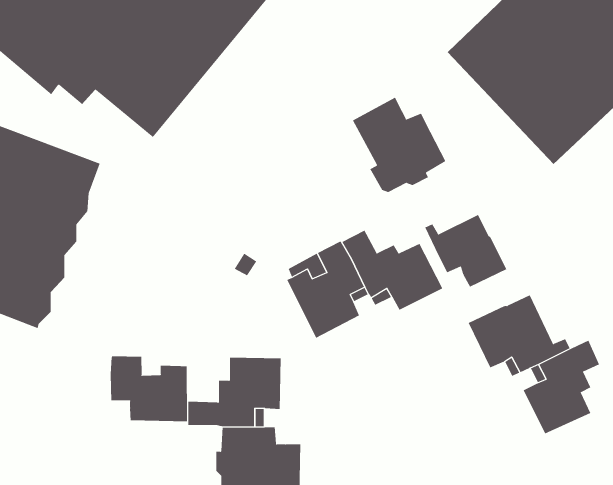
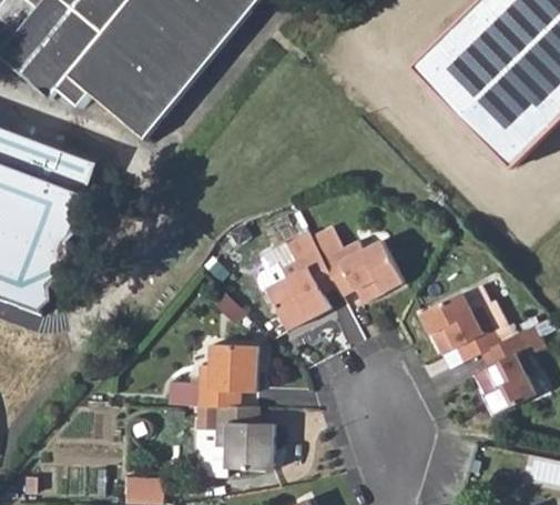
building: [352,97,446,193] -> none
building: [425,214,507,287] -> none
building: [110,356,187,422] -> none

